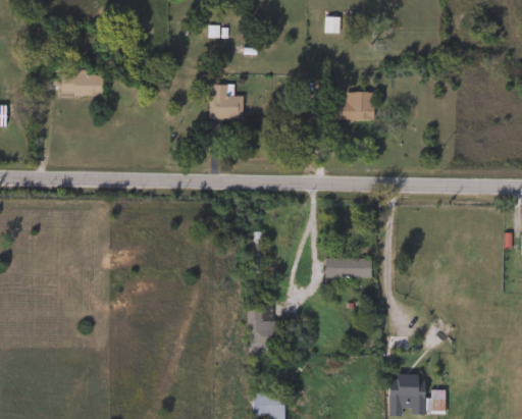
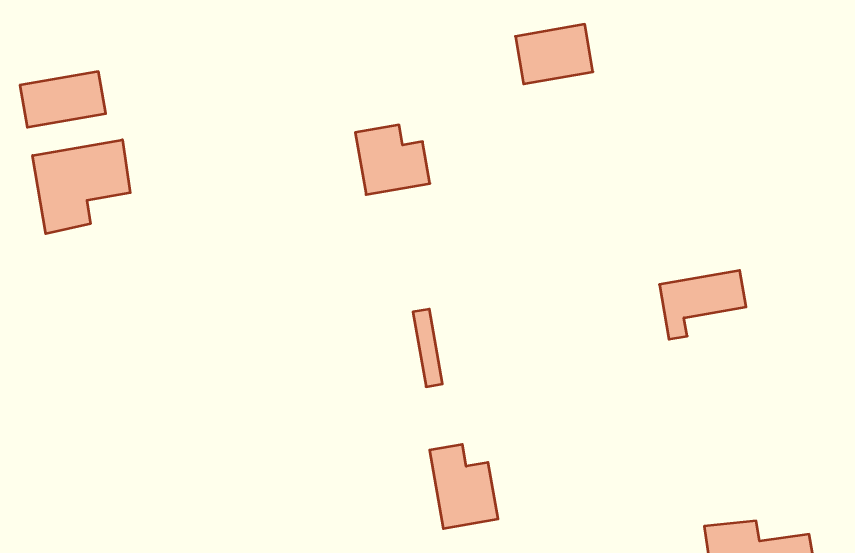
building: [208,84,244,118] -> [355,125,430,195]
building: none -> [33,140,130,234]
building: [325,257,370,287] -> [659,270,746,339]

